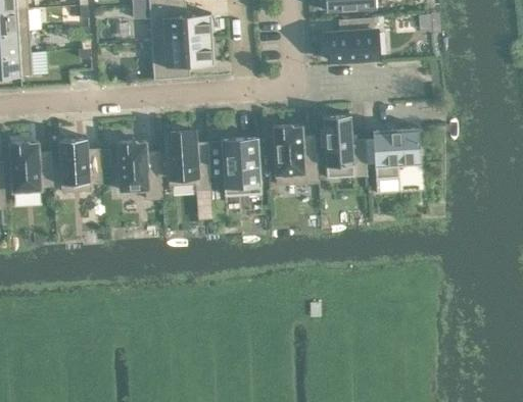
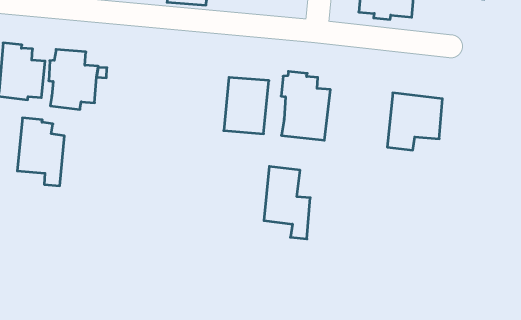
building: [321,115,366,178] -> [264,166,310,239]
building: [165,131,208,190] -> none
building: [116,141,160,199] -> [17,118,64,186]

